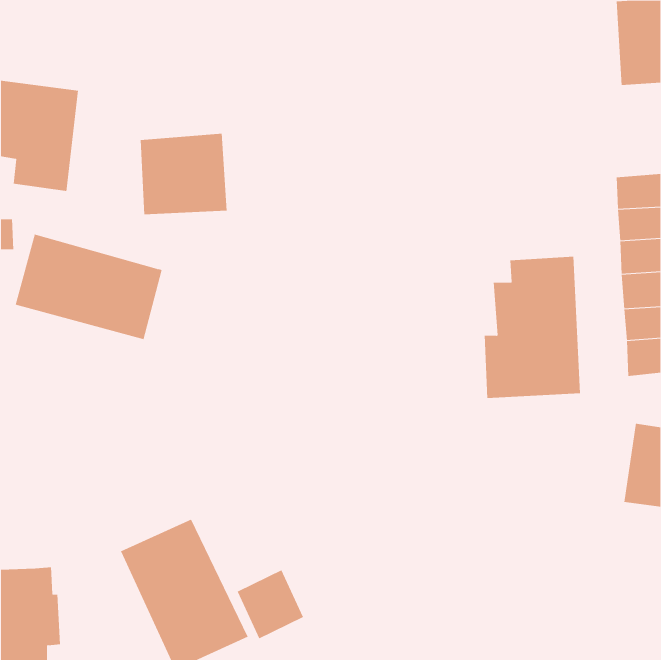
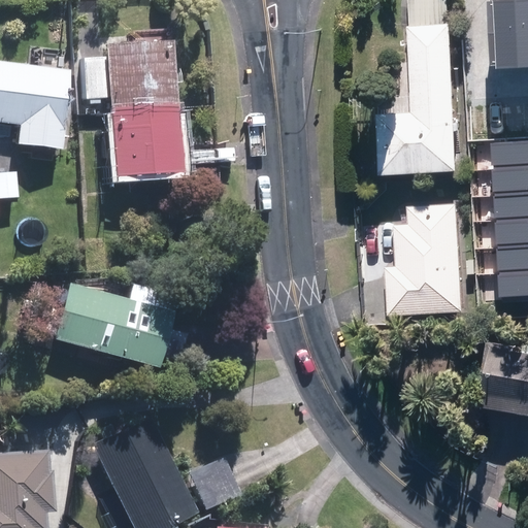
building: none -> [375,26,457,173]
building: none -> [87,42,177,112]
building: [15,234,162,340] -> [55,279,172,364]

